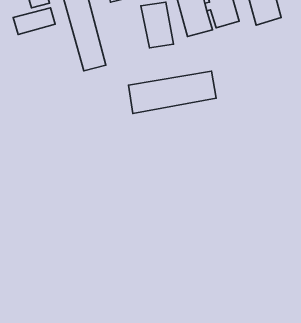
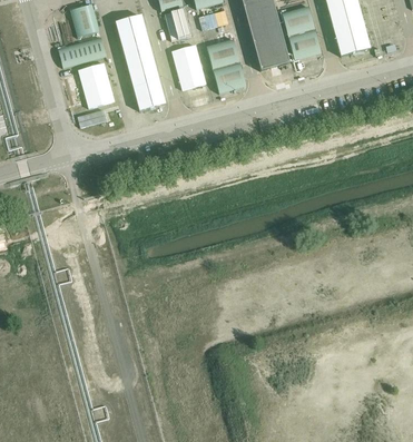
building: none -> [171,46,206,90]
building: none -> [77,63,114,108]
building: [128,71,216,113] -> none

